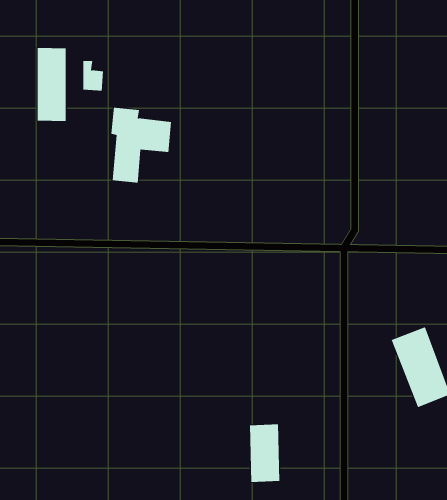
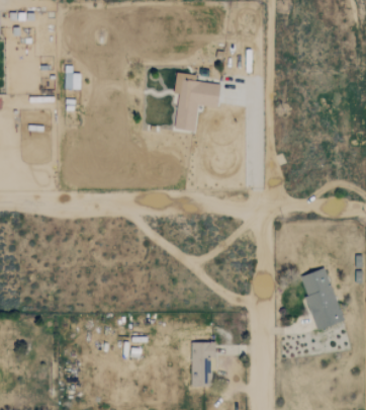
building: [37,47,66,122] -> none
building: [110,107,172,183] -> [174,73,220,131]

